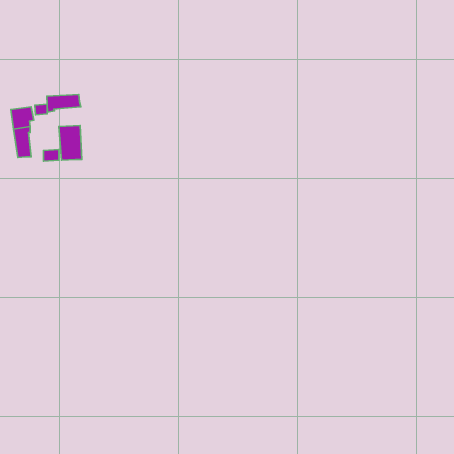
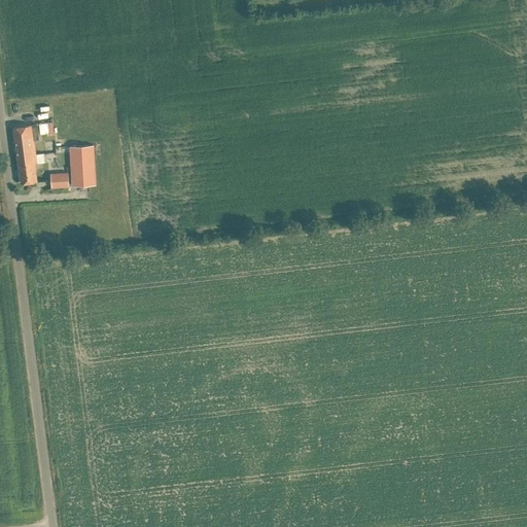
building: [47,94,81,112] -> none

